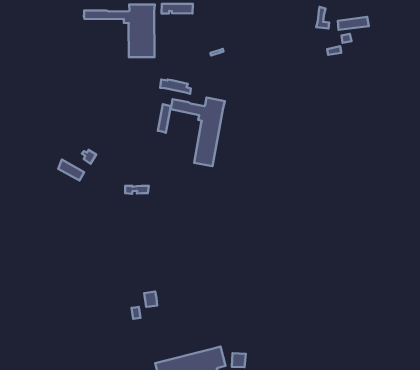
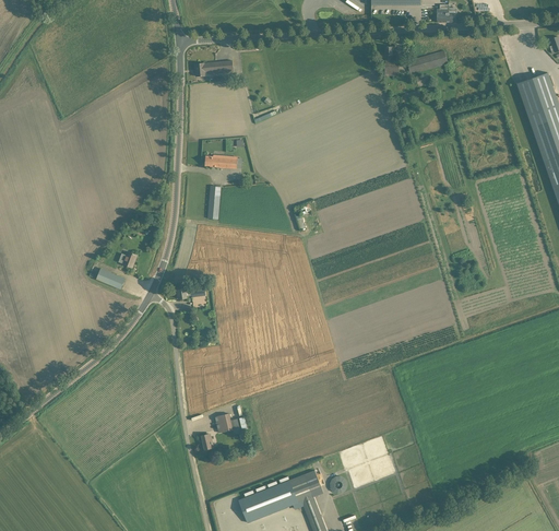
building: [84,4,155,57] -> none
building: [171,98,225,166] -> none

